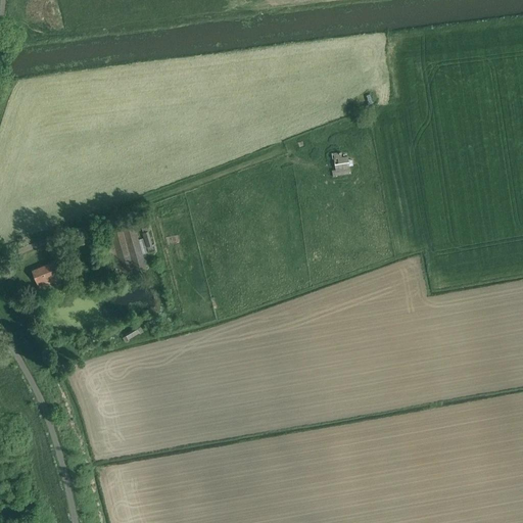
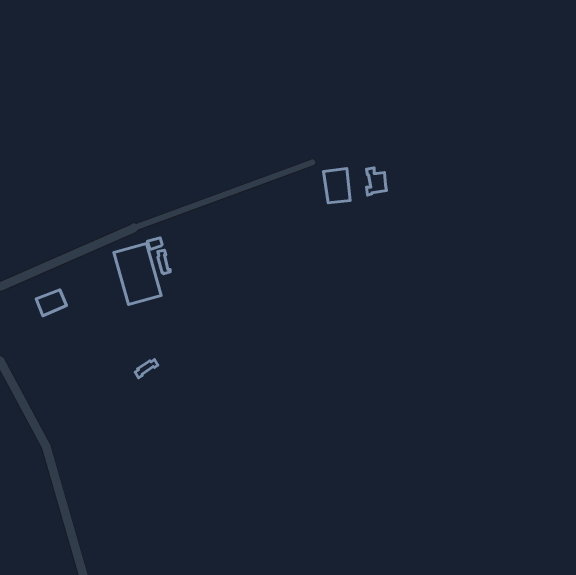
building: none -> [324,169,350,203]

